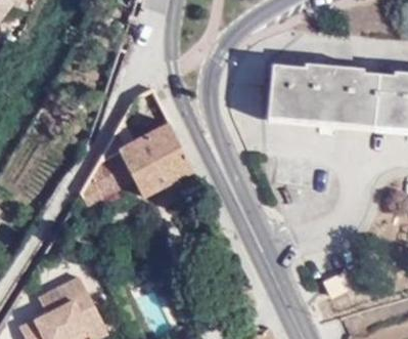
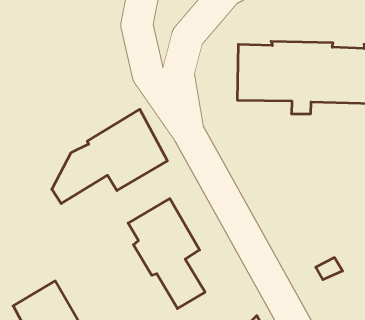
building: none -> [128,199,205,309]

